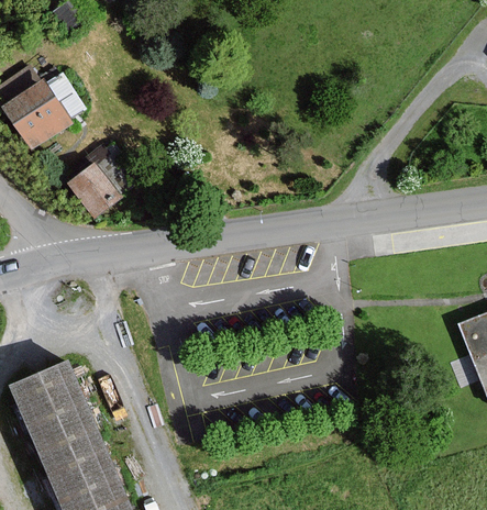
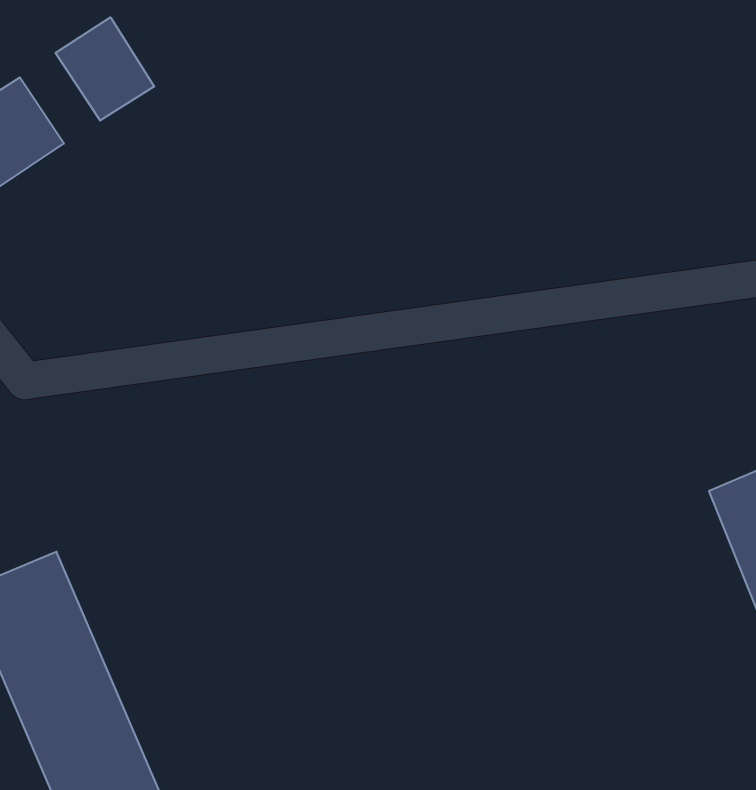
building: none -> [56,17,154,121]
building: [73,163,120,212] -> none

